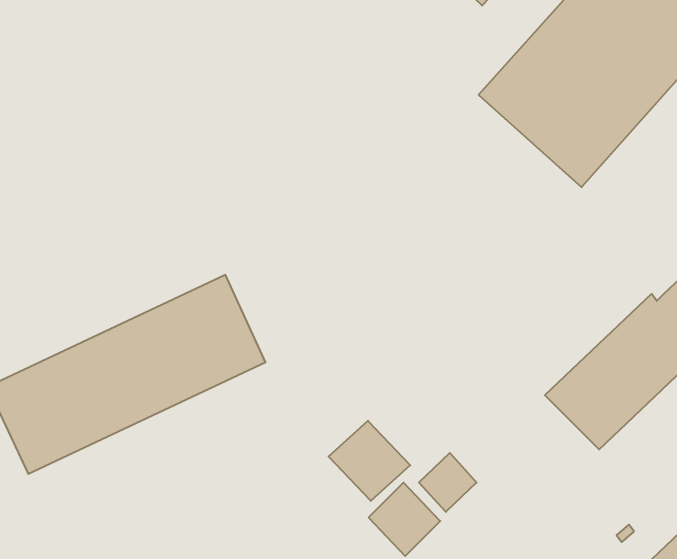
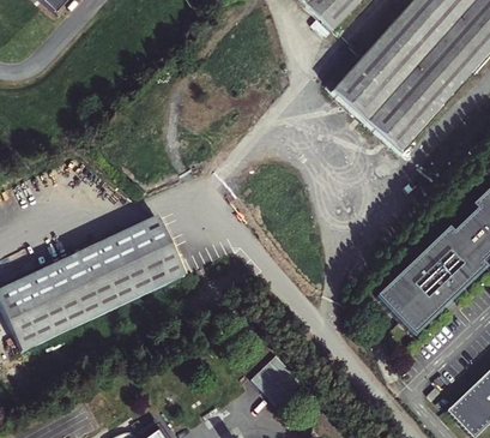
building: [329,421,410,501] -> none
building: [419,453,477,512] -> none

